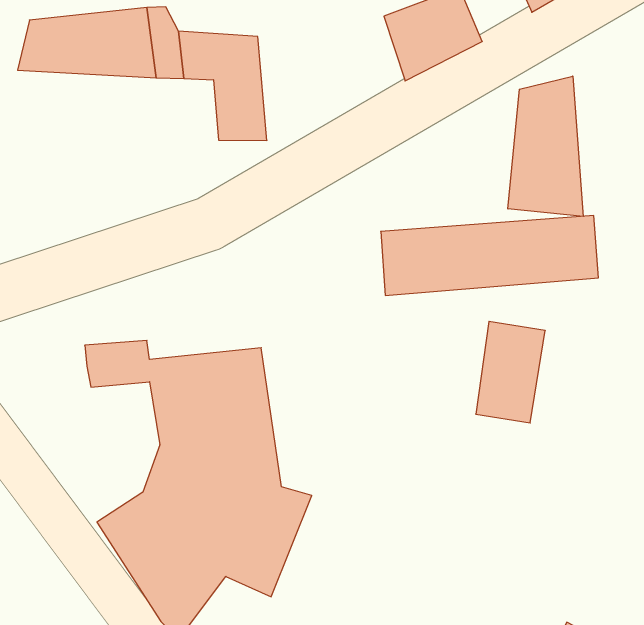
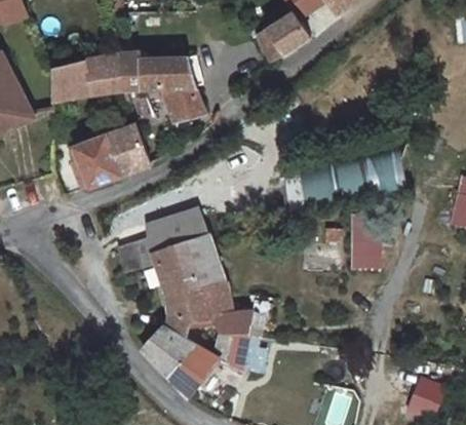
building: [508,76,583,216] -> none
building: none -> [69,127,155,194]
building: none -> [148,212,213,252]

